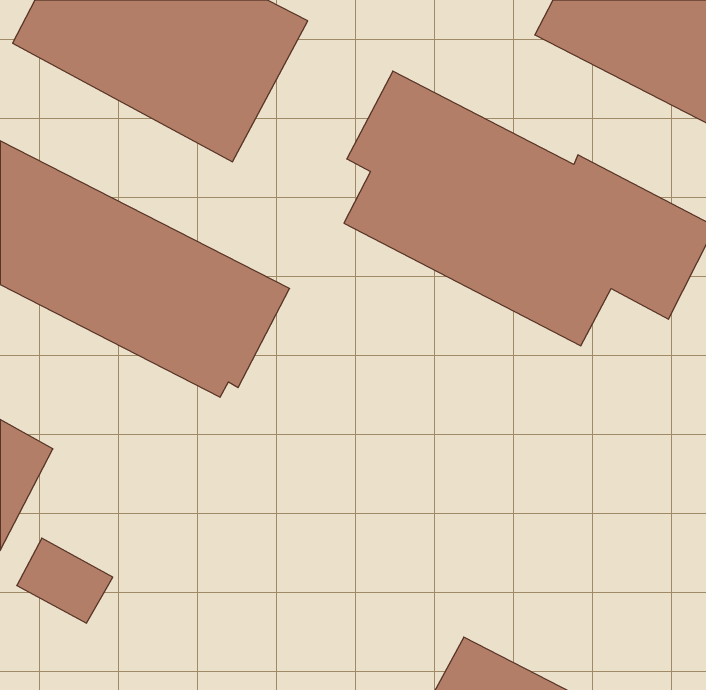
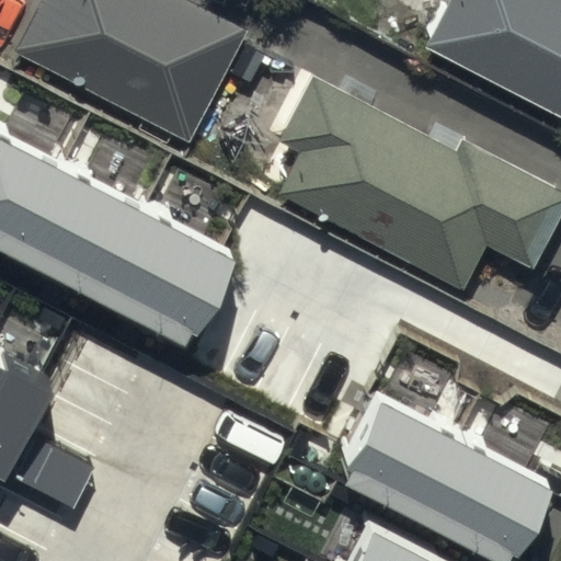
building: none -> [334,388,543,552]

